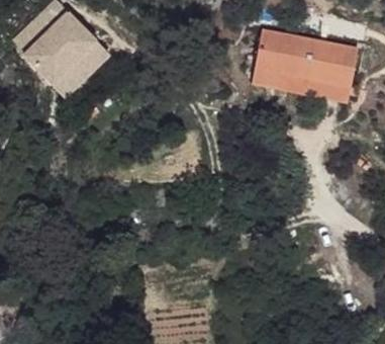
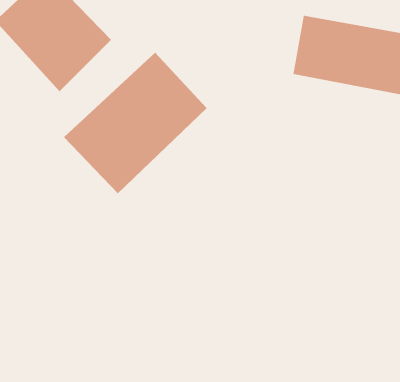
building: none -> [63,52,208,194]

